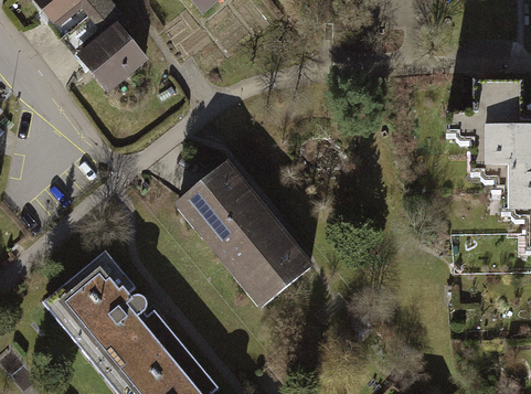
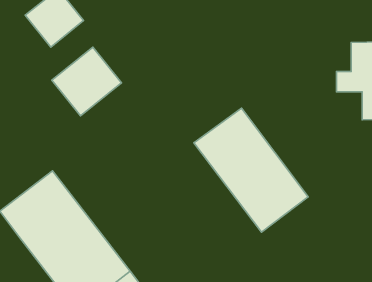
building: none -> [52,47,122,116]
building: [176,163,314,313] -> [194,108,308,232]

